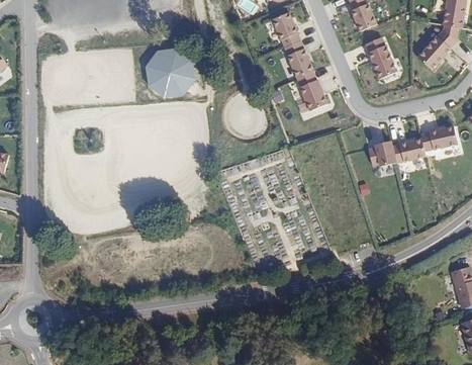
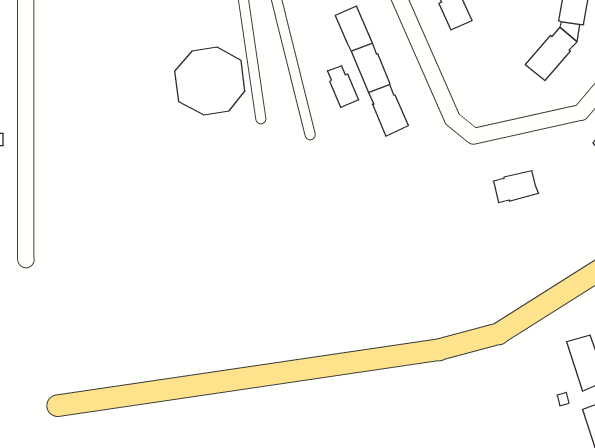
building: [366,35,396,77] -> none
building: none -> [328,66,359,108]
building: [420,123,458,149] -> none
building: [369,139,397,165] -> none

